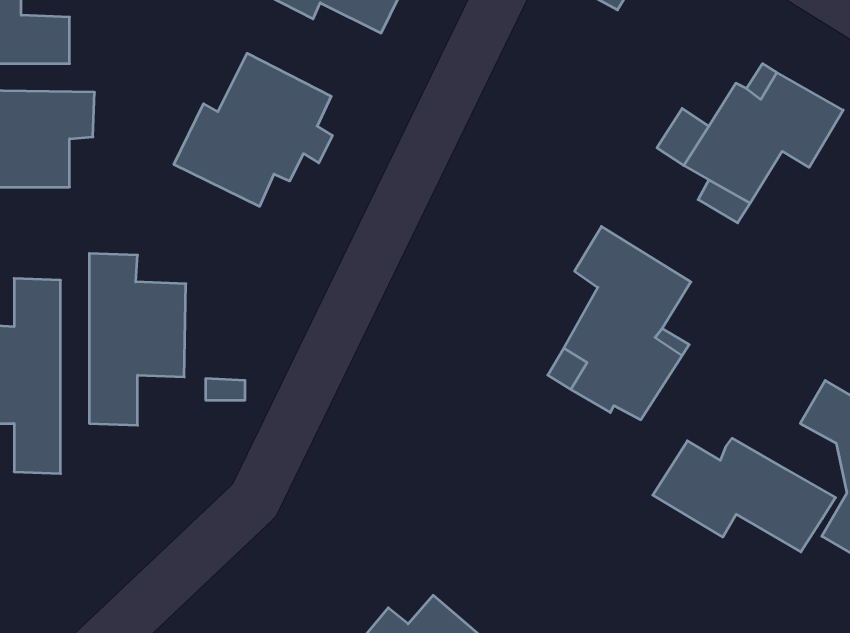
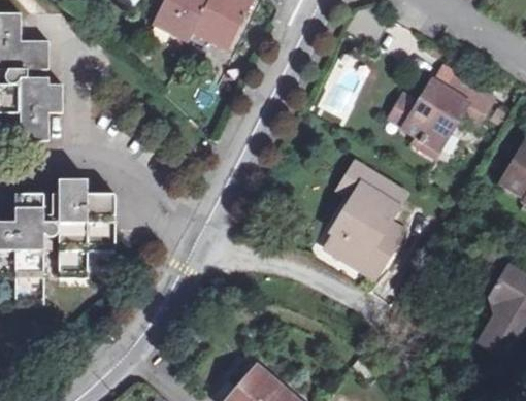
building: [174,53,332,206] -> none
building: [653,438,836,552] -> none

